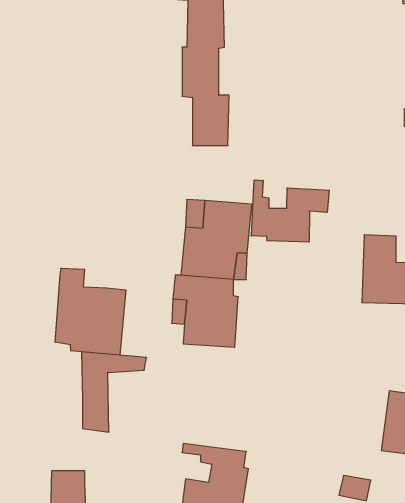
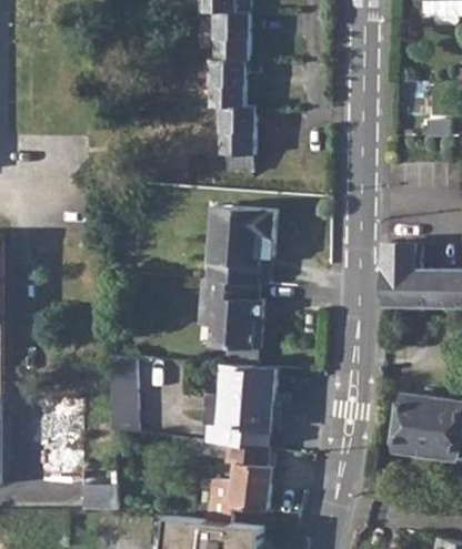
building: [251,180,329,242] -> none
building: [55,268,126,355] -> none
building: none -> [204,364,277,451]

